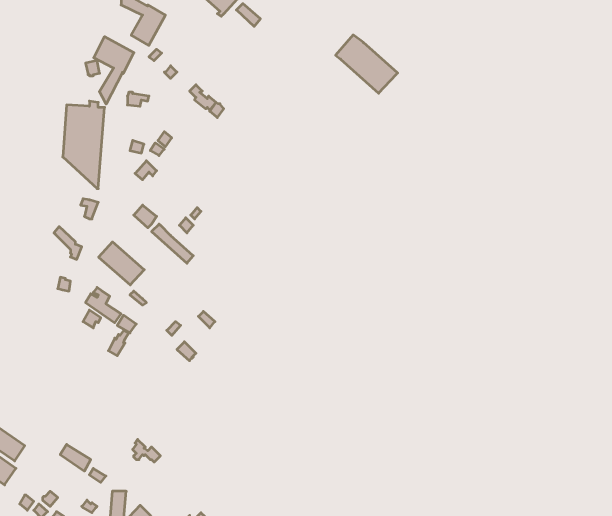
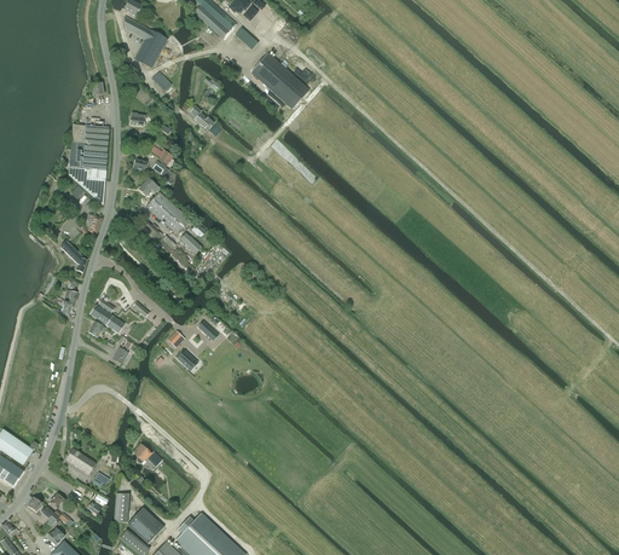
building: [336,35,398,93] -> [250,53,310,109]
building: [94,37,134,104] -> none
building: [99,242,144,285] -> [146,192,190,233]

